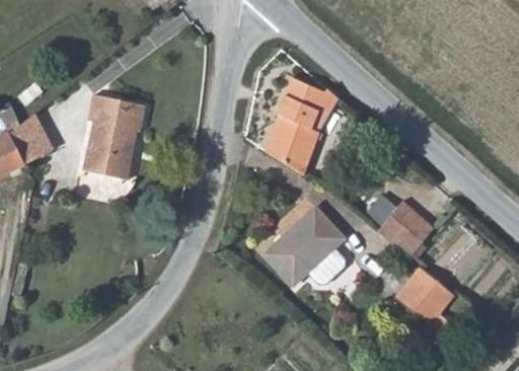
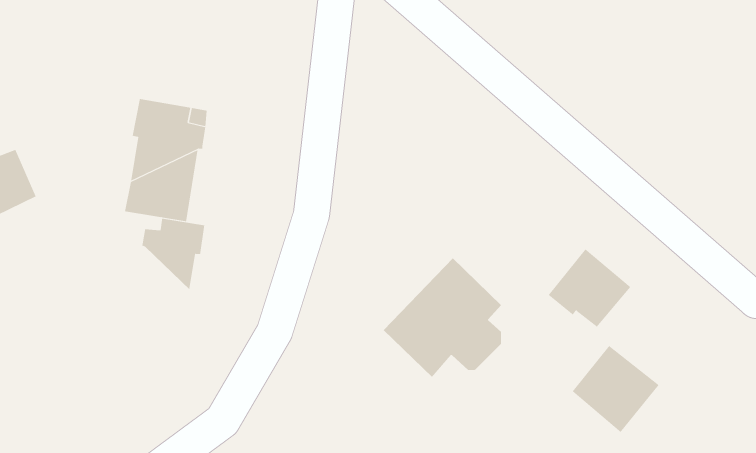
building: [262,77,339,167] -> none
building: [11,117,52,162] -> none
building: none -> [141,218,205,290]

